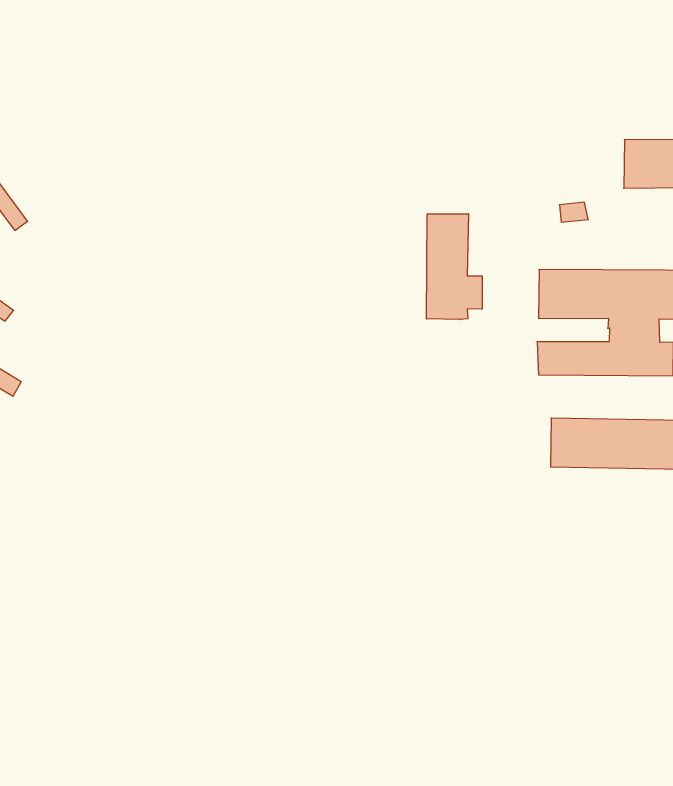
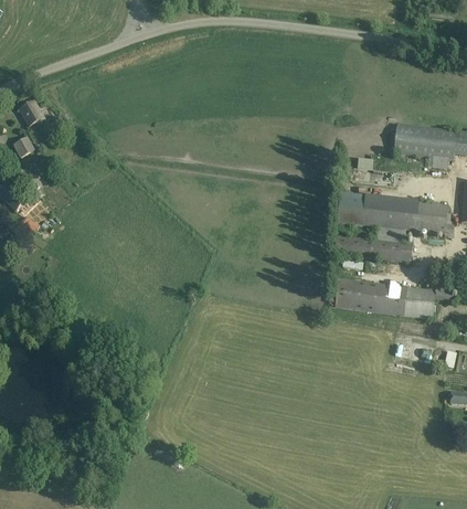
building: [427,214,482,320] -> none

